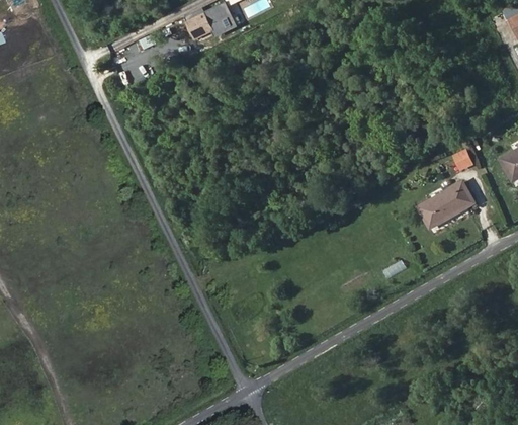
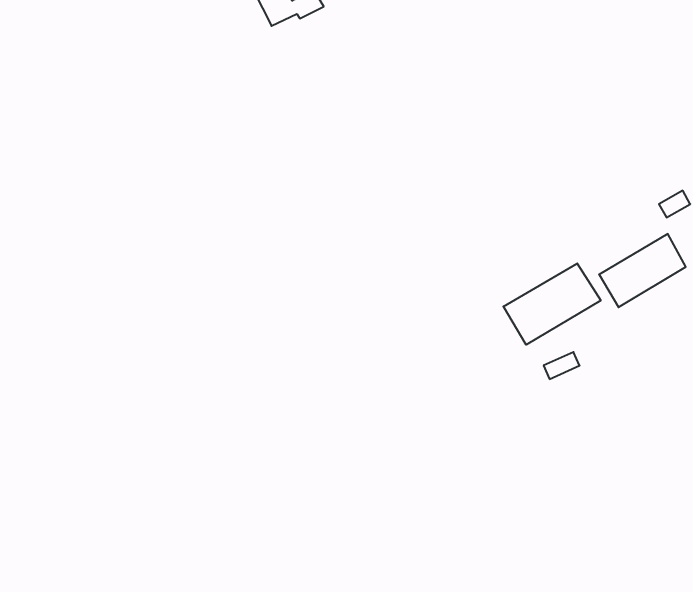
building: none -> [503,263,601,345]

